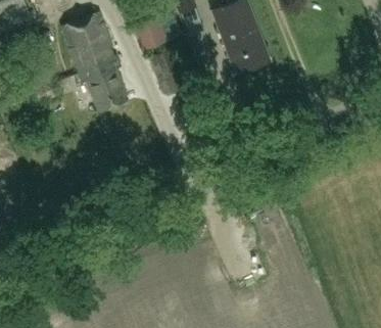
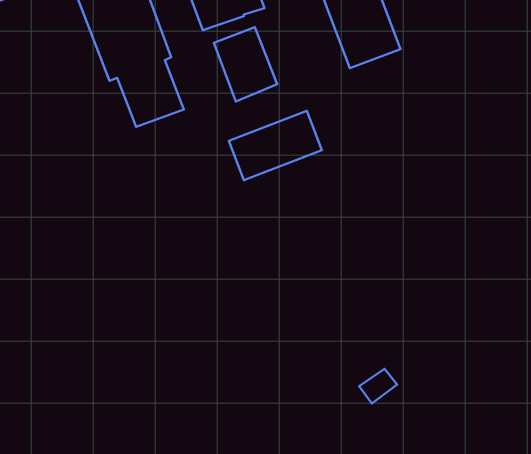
building: none -> [229,111,322,180]

